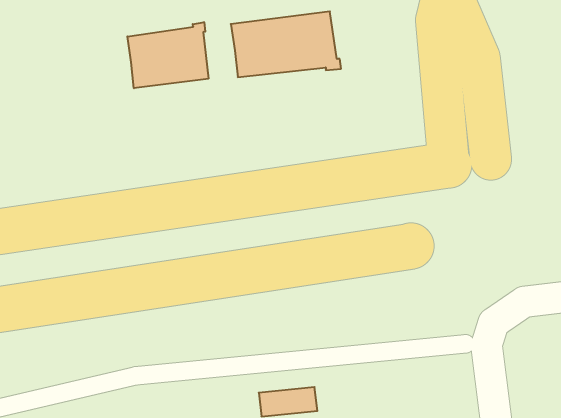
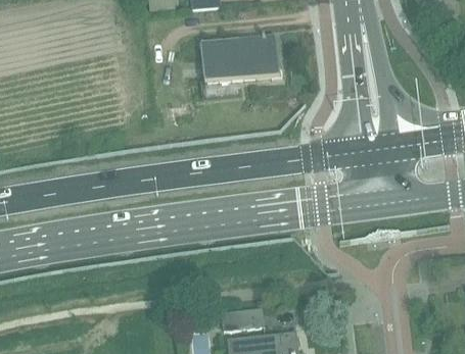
building: [127,22,208,88] -> none

